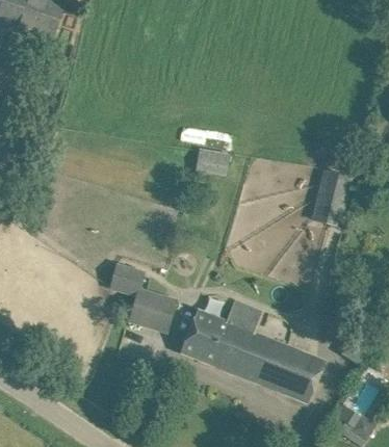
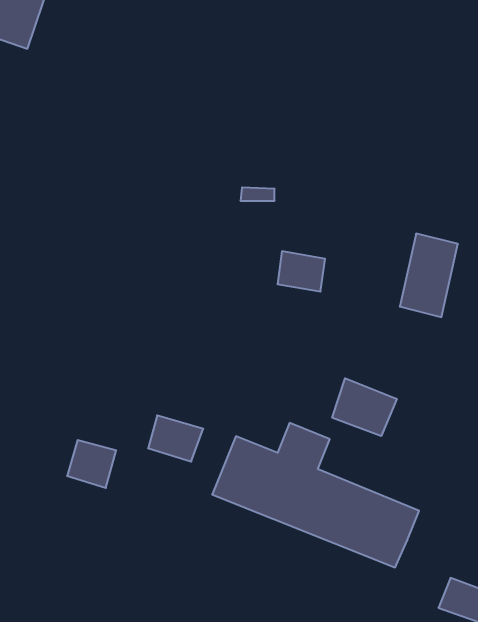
building: [194,148,228,176] -> [277,251,325,292]
building: [109,262,144,295] -> [67,440,116,488]
building: none -> [332,378,397,436]

